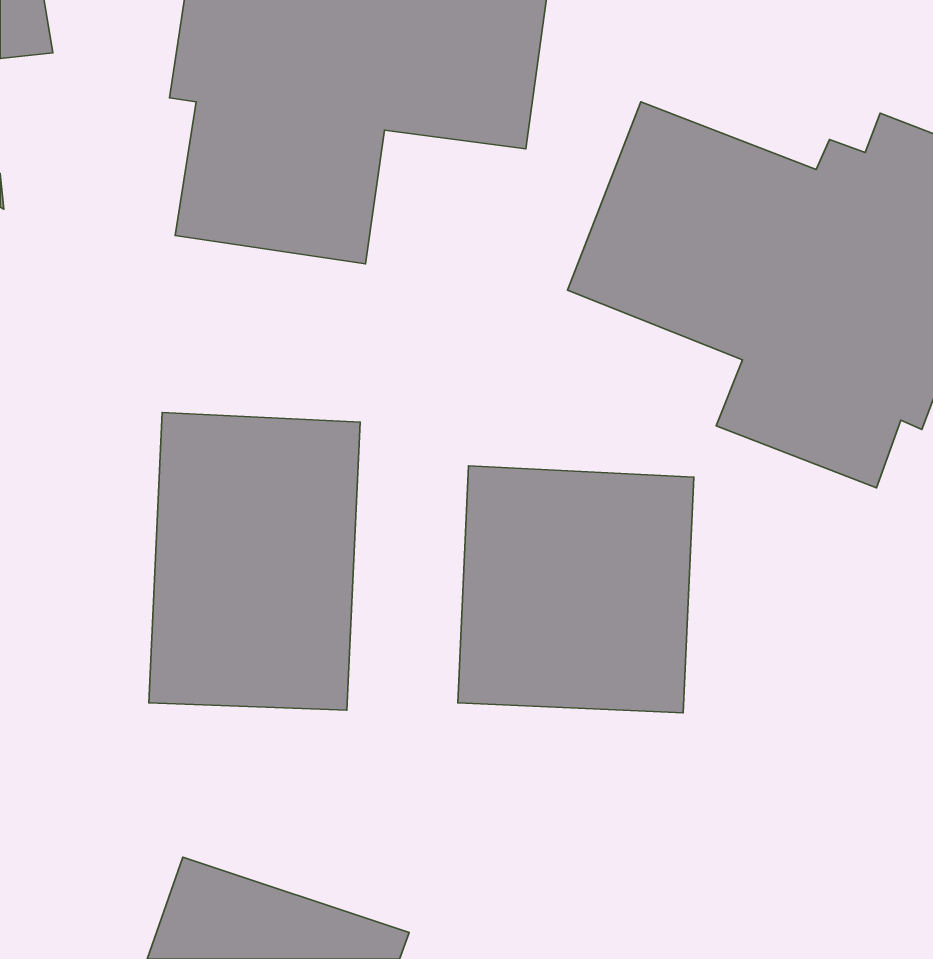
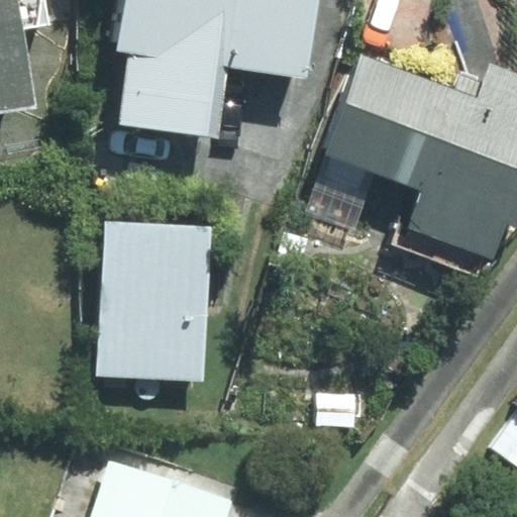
building: [458,466,694,713] -> none

